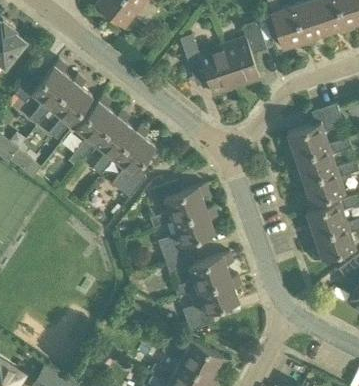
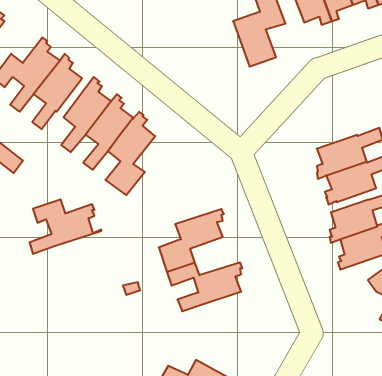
building: [179,36,236,95] -> none
building: [285,104,343,160] -> none
building: [150,182,212,229] -> [29,199,101,254]
building: [182,277,237,332] -> none

